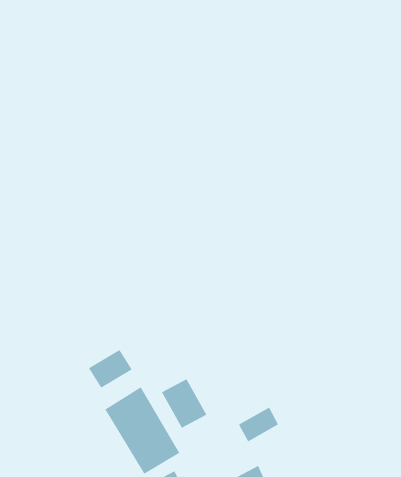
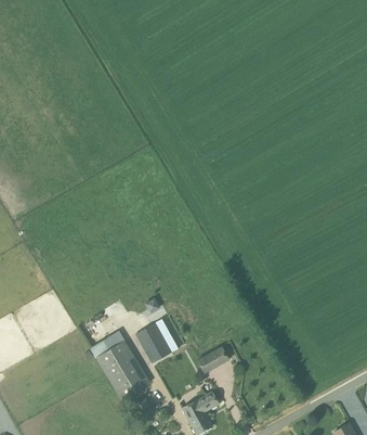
building: [88,349,133,388] -> none

